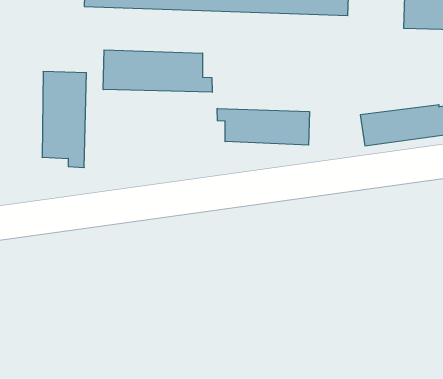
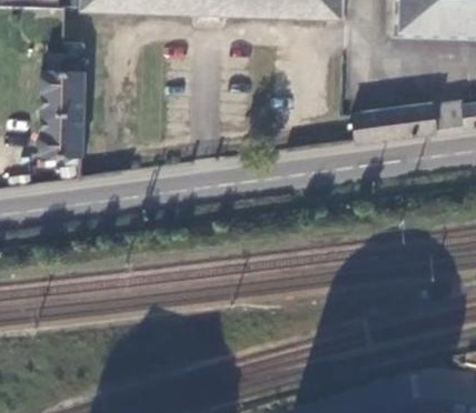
building: [103,50,212,92] -> none
building: [217,108,309,145] -> none

